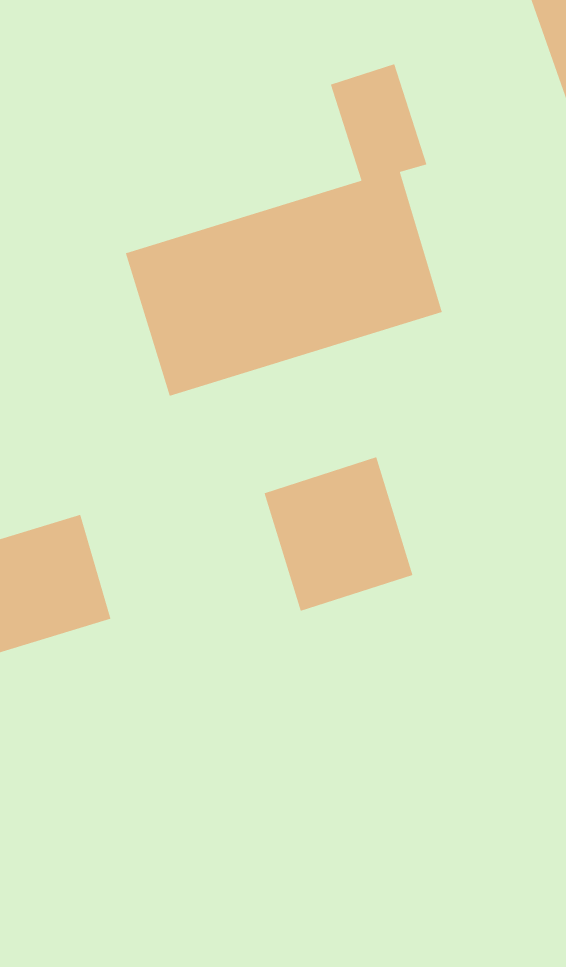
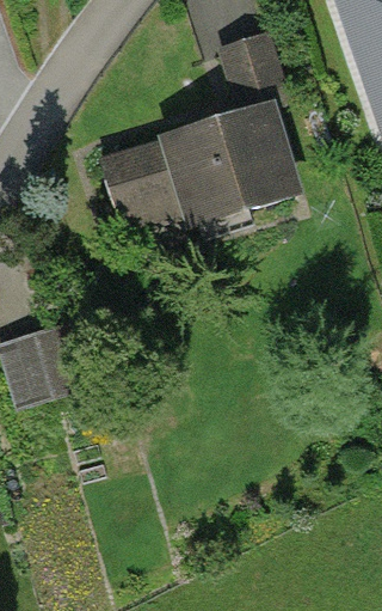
building: [264,456,414,612] -> none

